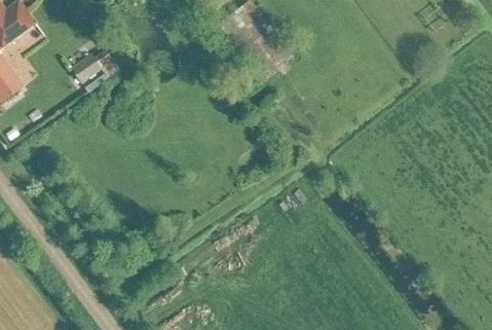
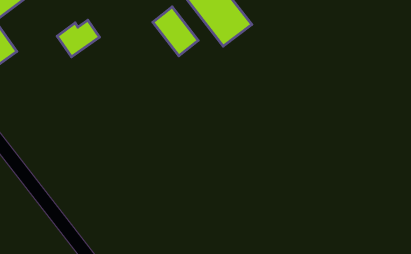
building: none -> [153,7,198,56]

